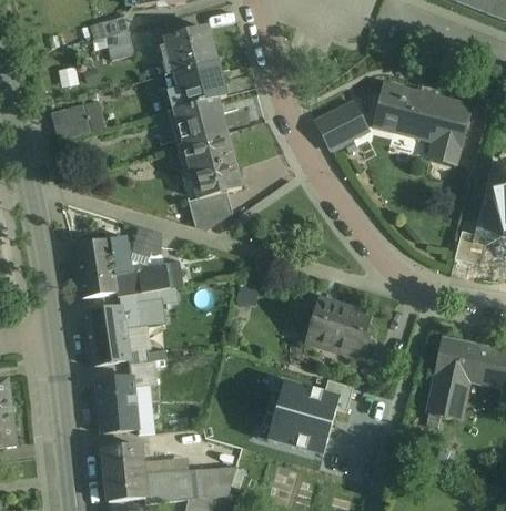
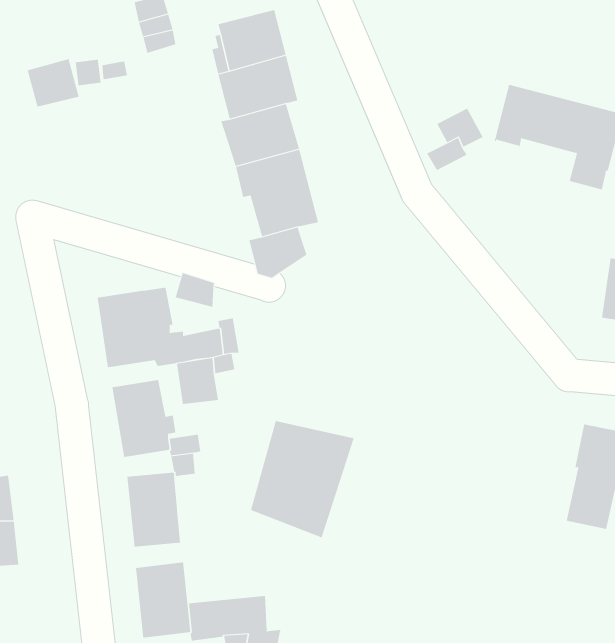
building: [51,102,91,139] -> [27,59,80,107]
building: [308,297,372,355] -> none
building: [263,369,342,458] -> [250,420,354,538]
building: [202,464,236,494] -> none

